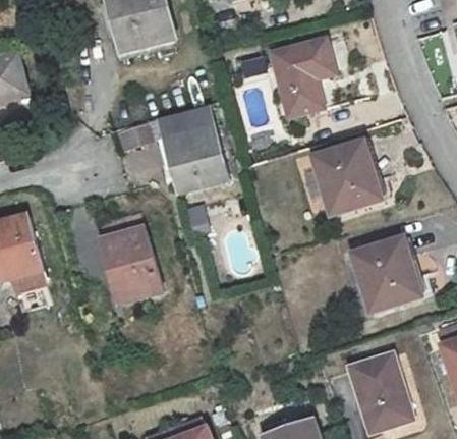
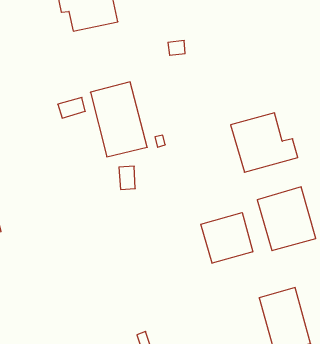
building: [276,39,340,119] -> none
building: [93,214,155,301] -> none
building: none -> [201,213,253,263]

